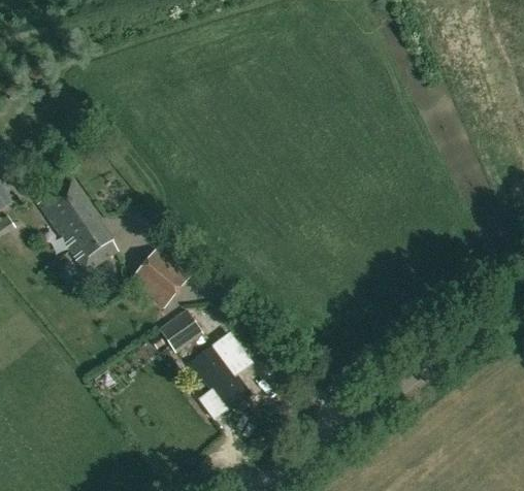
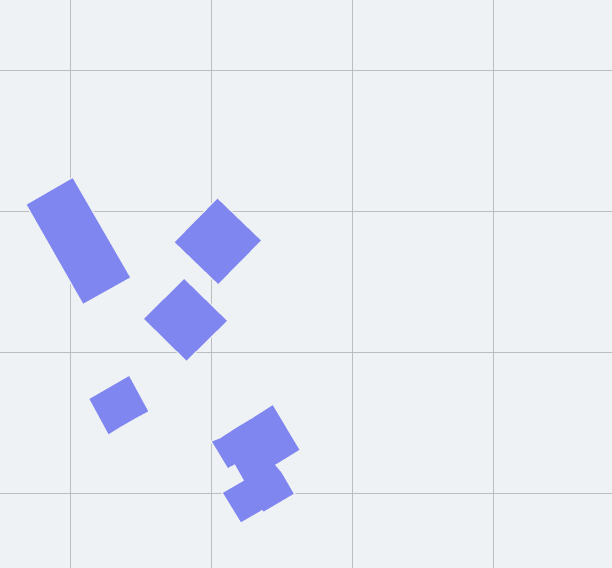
building: none -> [174,198,262,285]
building: [160,308,204,353] -> [89,375,149,435]

